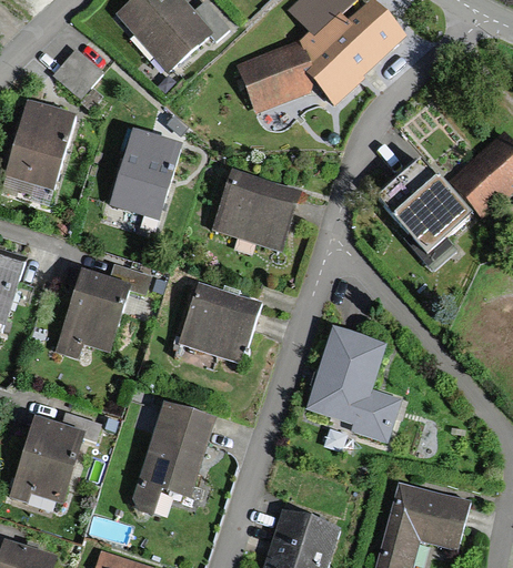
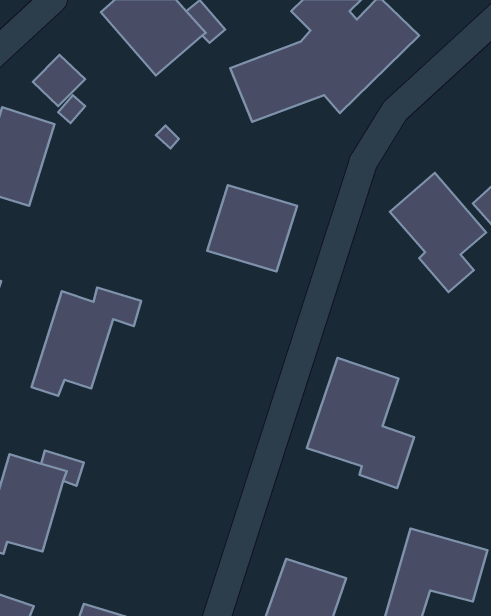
building: [109,126,182,221] -> none
building: [179,291,255,367] -> none
building: [135,402,214,513] -> none

